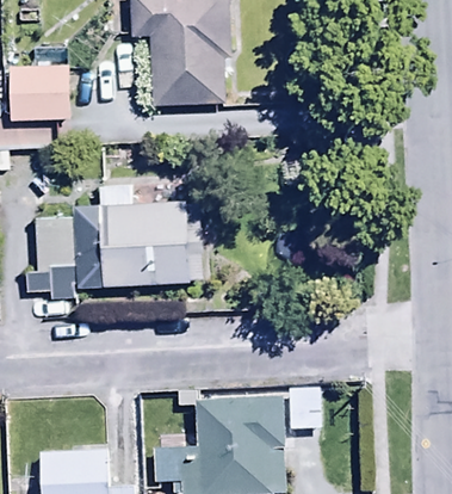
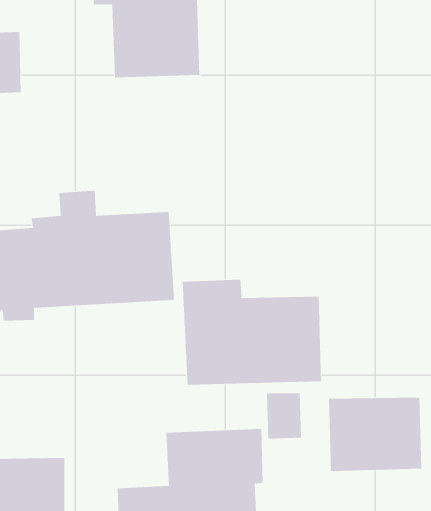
building: none -> [182,279,322,386]
building: none -> [328,397,422,472]

